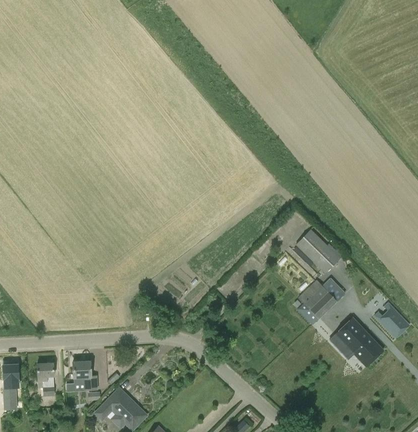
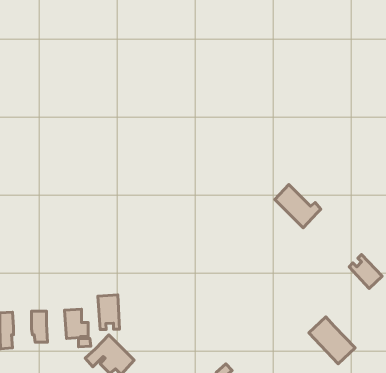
building: [292,277,345,325] -> none
building: [334,317,383,367] -> [309,317,355,364]
building: none -> [98,295,120,330]

